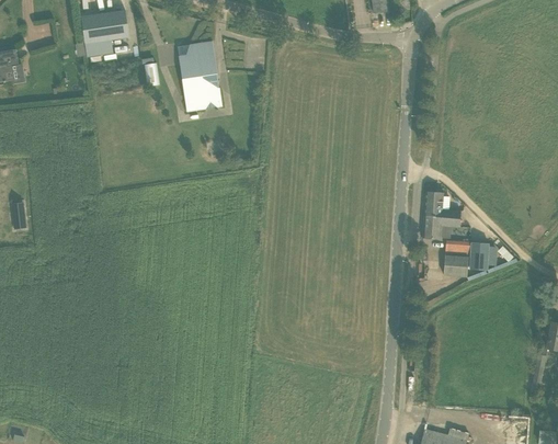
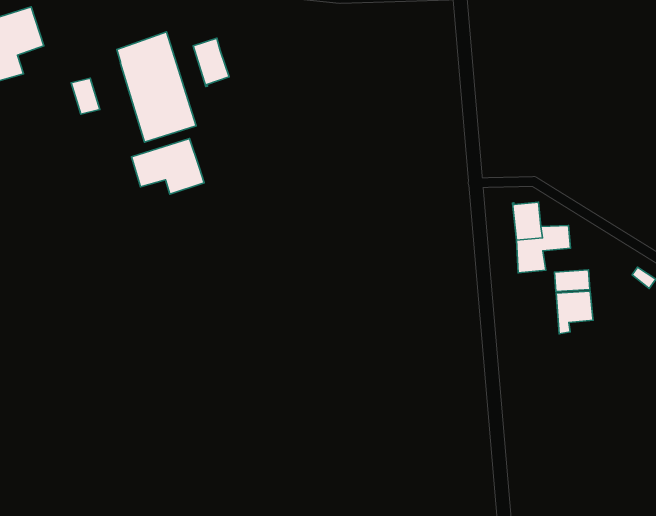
building: none -> [193,38,229,87]
building: none -> [131,139,204,194]
building: [470,240,489,269] -> none

